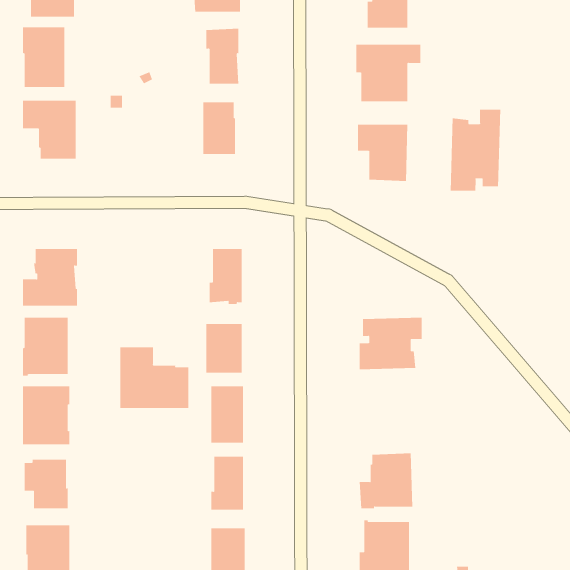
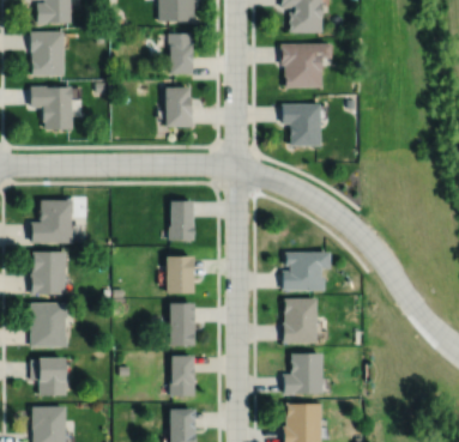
building: [450,109,501,192] -> none
building: [120,346,189,409] -> none
building: none -> [282,297,316,343]

